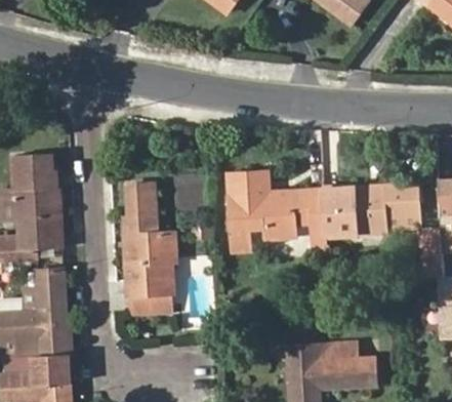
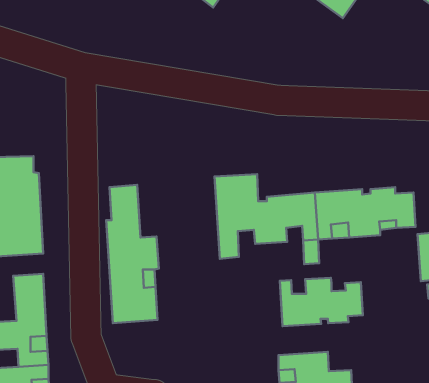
building: none -> [280,278,363,326]

